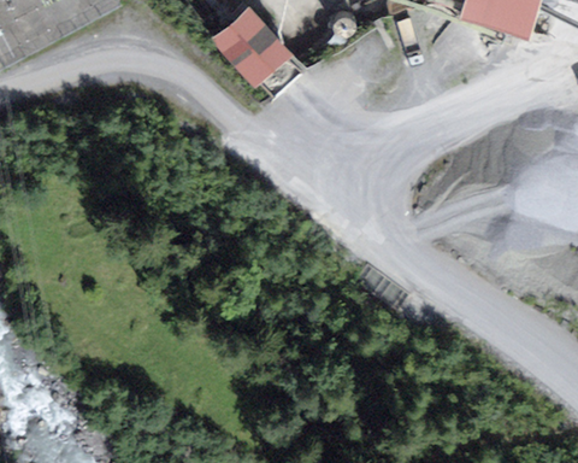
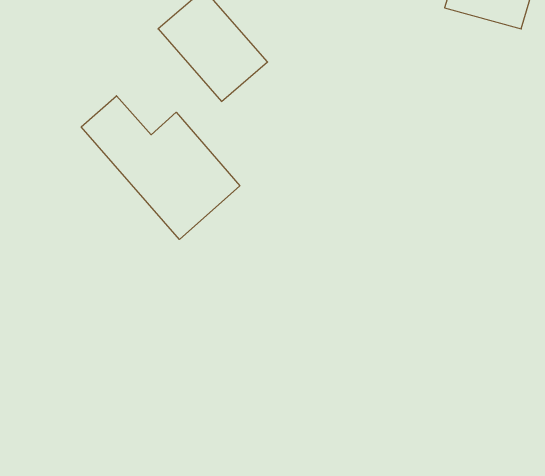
building: none -> [81,96,240,239]

